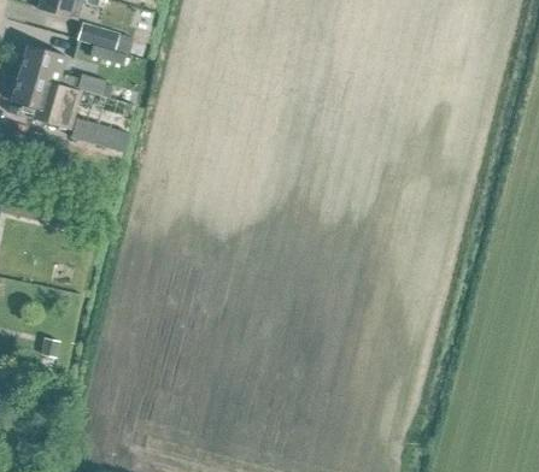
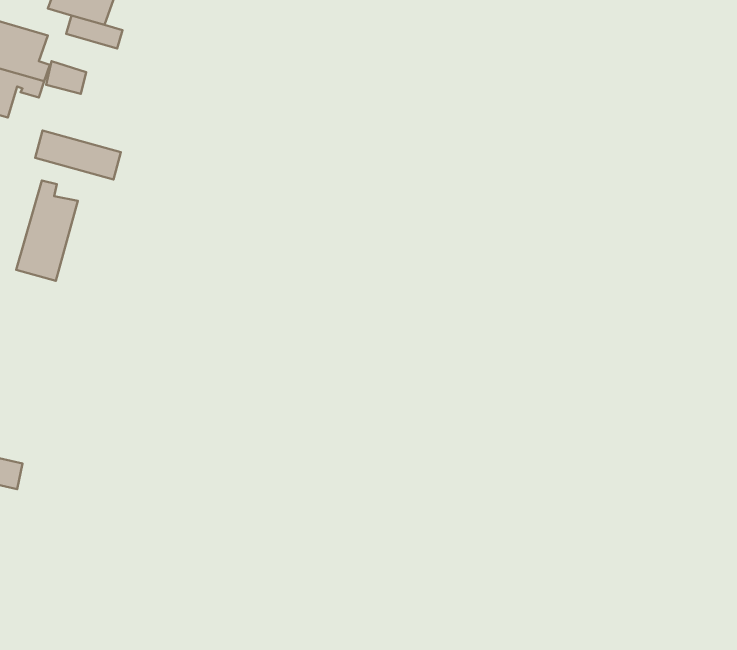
building: none -> [16,181,78,281]

